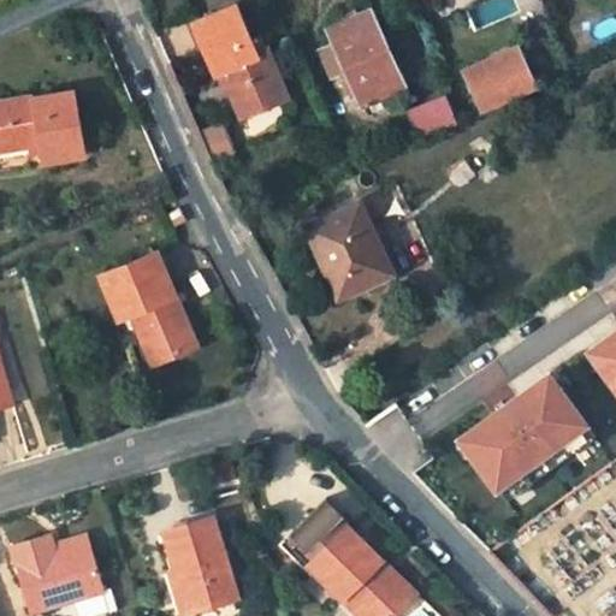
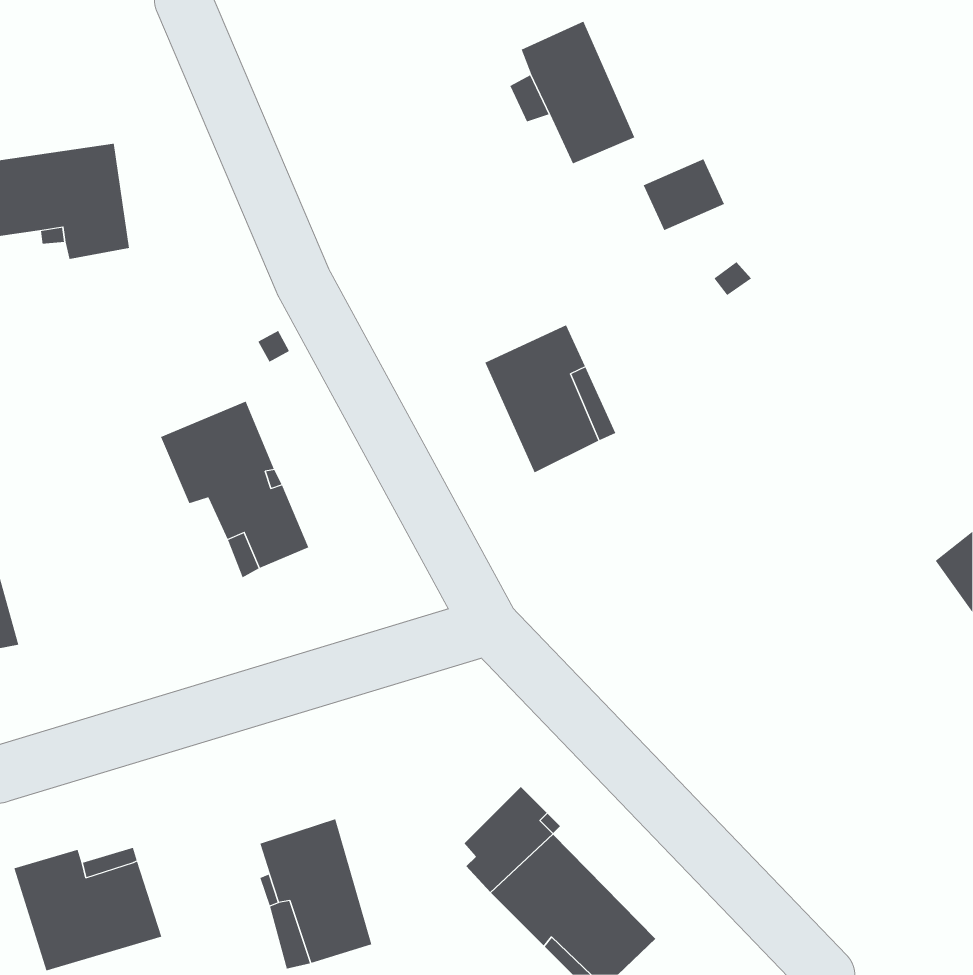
building: [192,7,285,117] -> none
building: [462,47,533,113] -> none
building: [460,378,593,504] -> none

